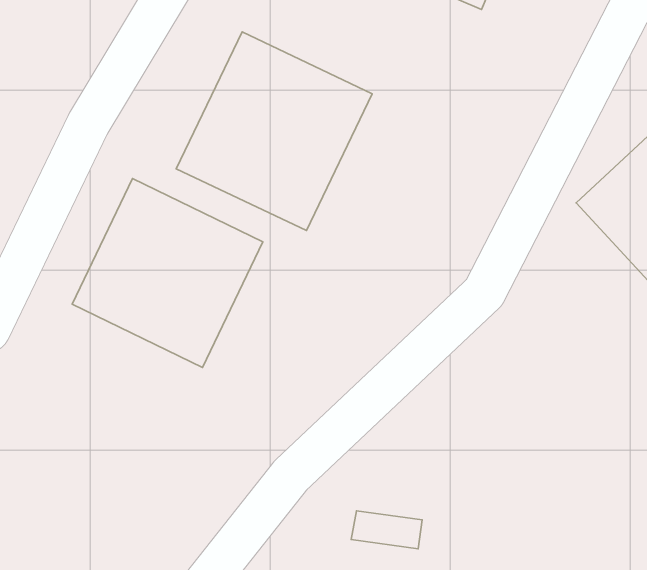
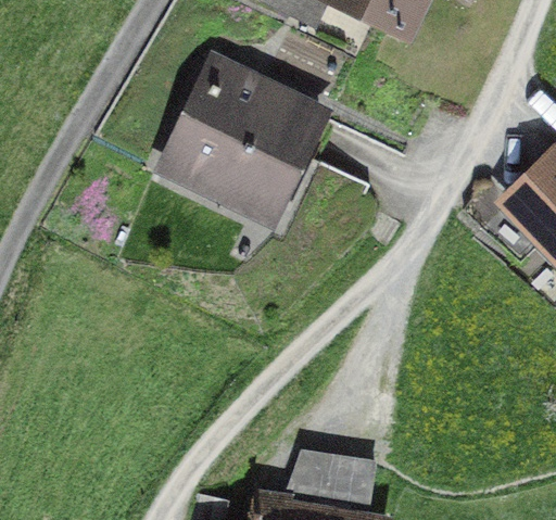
building: [72,178,263,367] -> none

